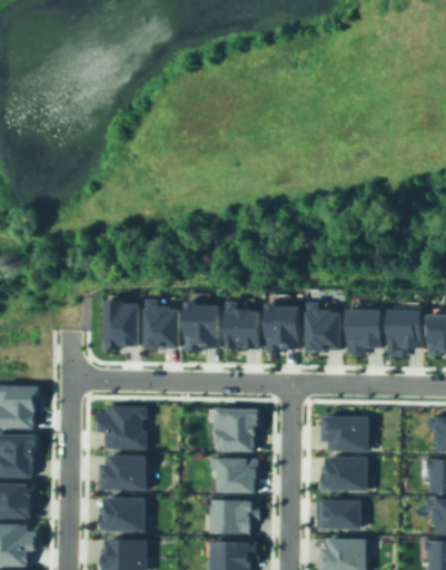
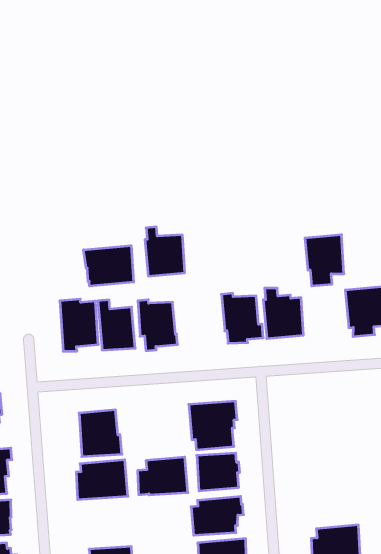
building: none -> [84,246,134,286]
building: [215,301,251,347] -> [145,227,185,276]
building: [337,311,373,357] -> [305,235,344,286]
building: [323,415,373,451] -> none
building: [321,458,368,491] -> none
building: [99,498,147,532] -> [138,457,188,495]
building: [317,500,364,530] -> none

